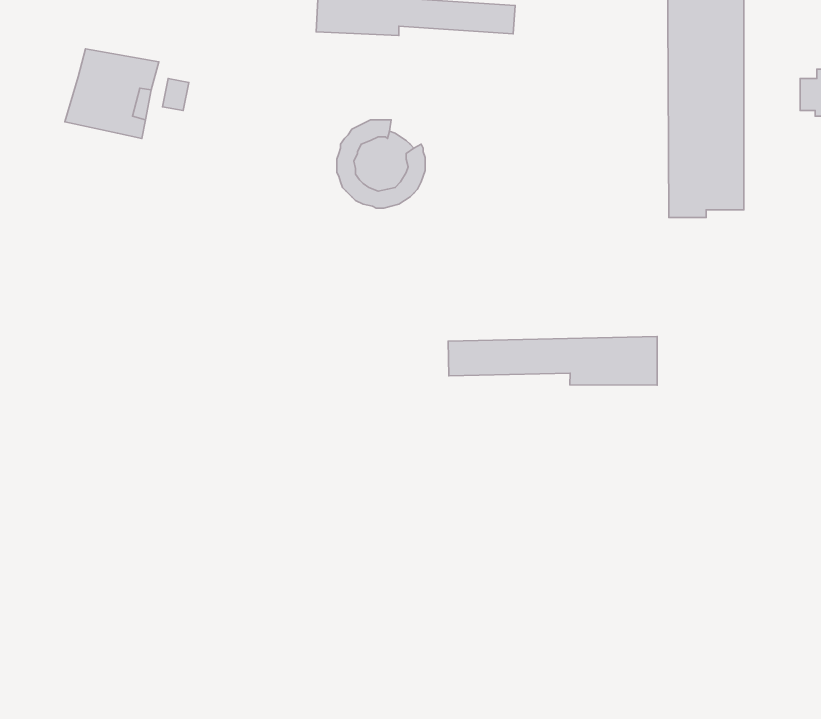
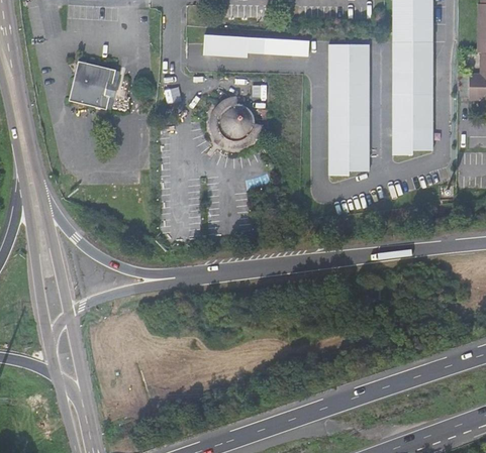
building: none -> [329,42,370,174]
building: [448,336,657,385] -> none

